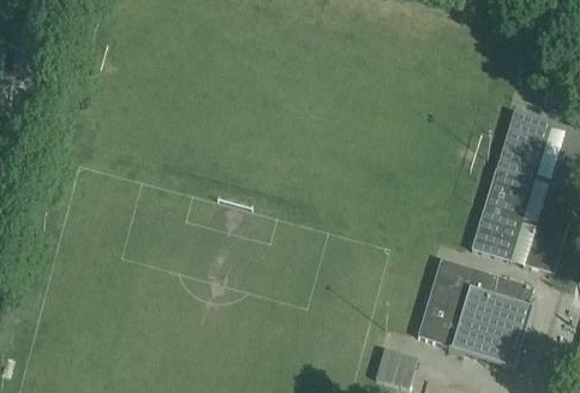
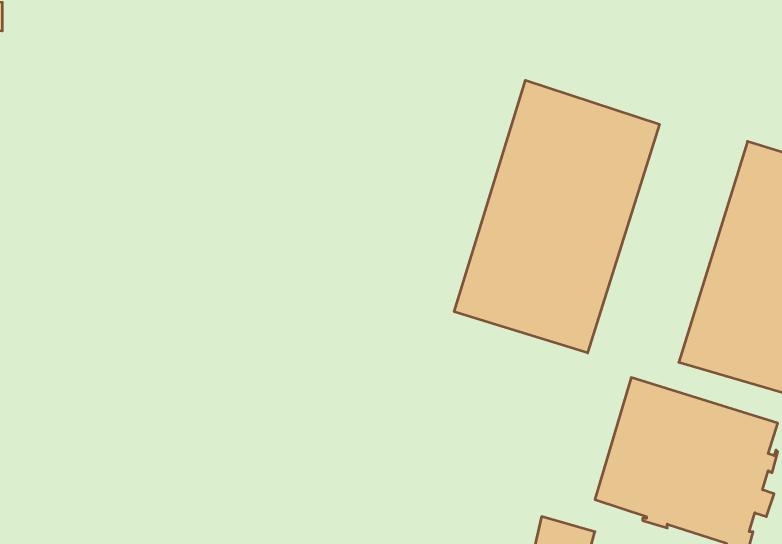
building: none -> [454,80,659,353]

